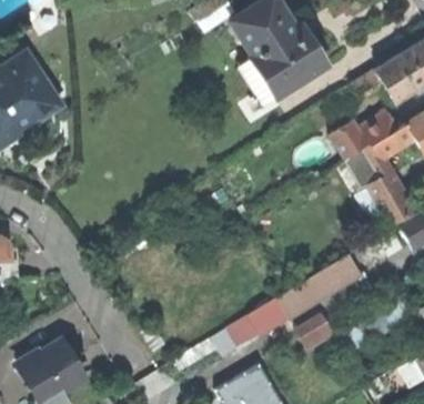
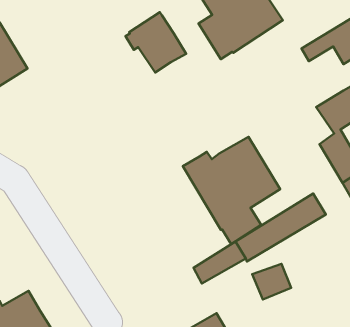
building: none -> [126,12,186,72]
building: [331,114,394,161] -> none
building: none -> [183,137,280,244]

